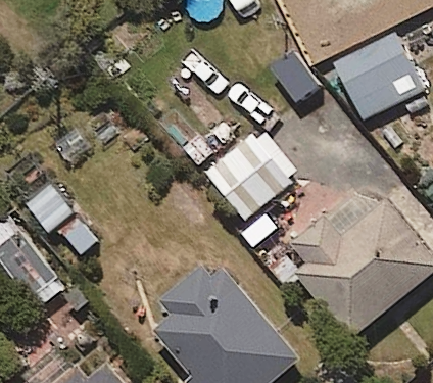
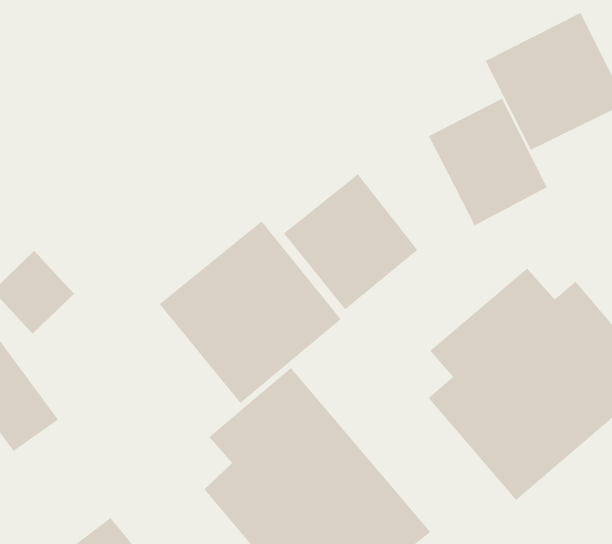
building: none -> [428,98,548,226]
building: none -> [159,220,342,404]

